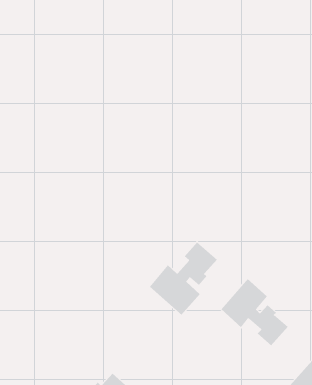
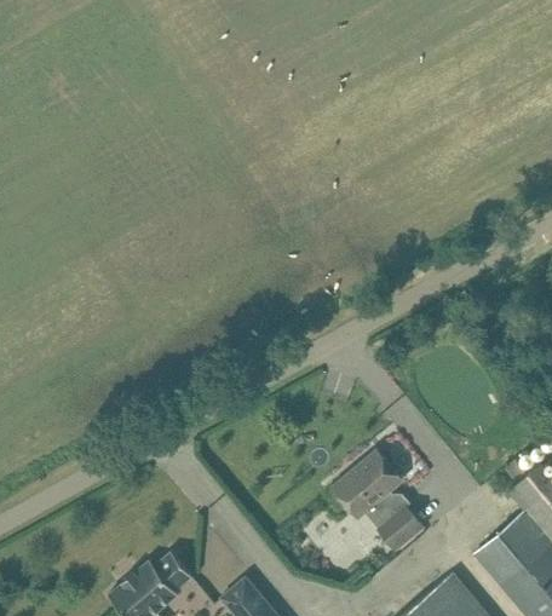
building: [149,241,218,316] -> none

